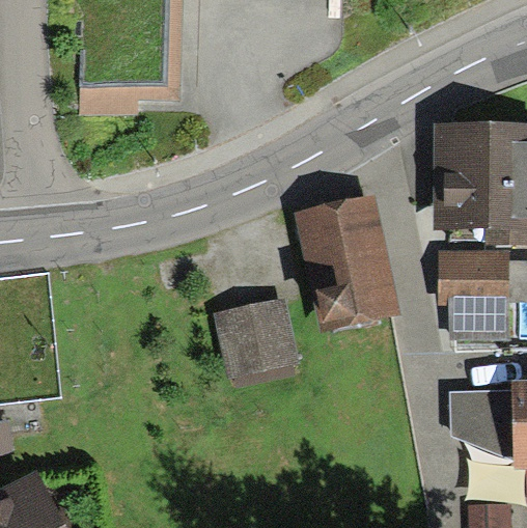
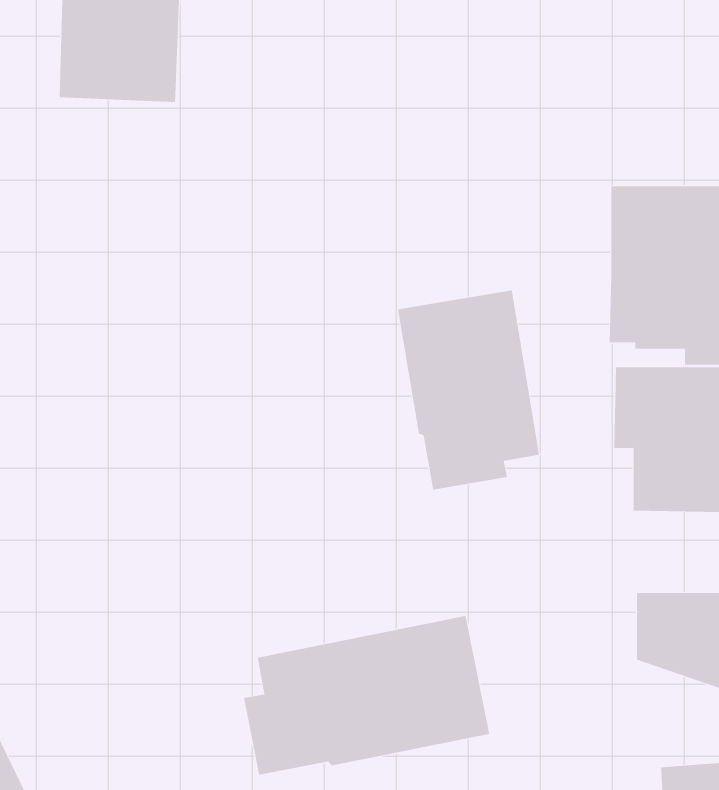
building: [217,297,296,371] -> none
building: none -> [243,615,490,775]

